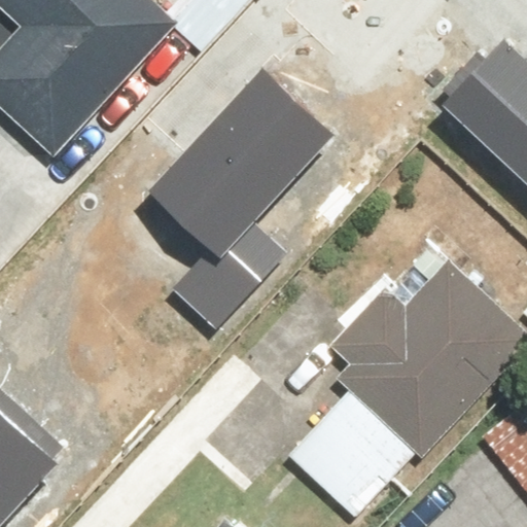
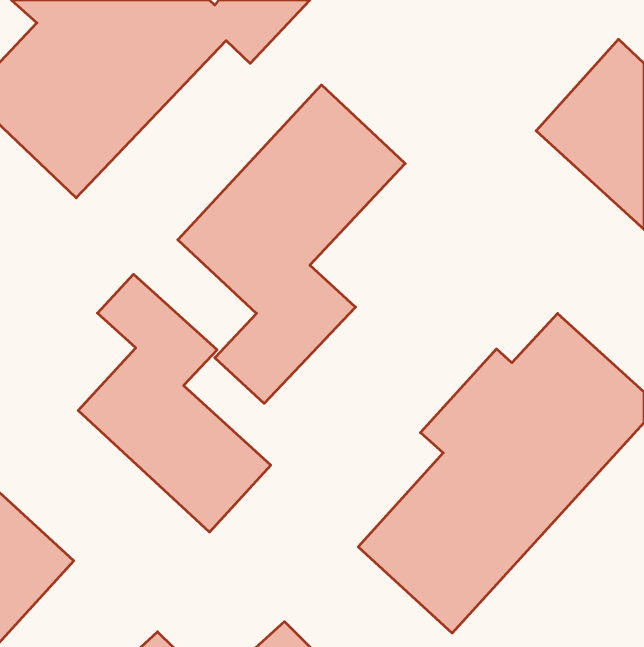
building: none -> [78,274,271,532]

